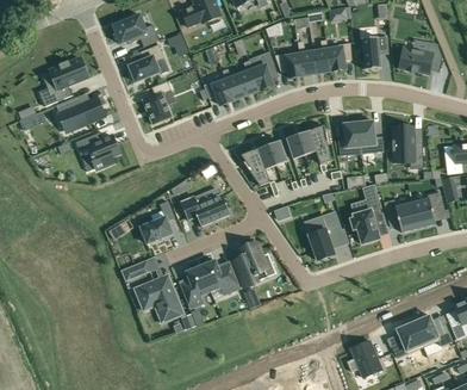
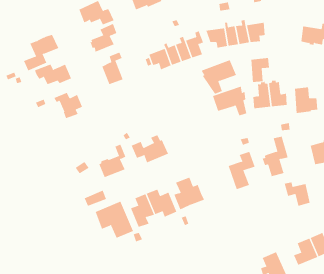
building: [362,37,387,69] -> [250,58,270,82]
building: [241,141,287,186] -> [201,59,237,94]
building: [382,200,417,233] -> [284,182,311,207]

